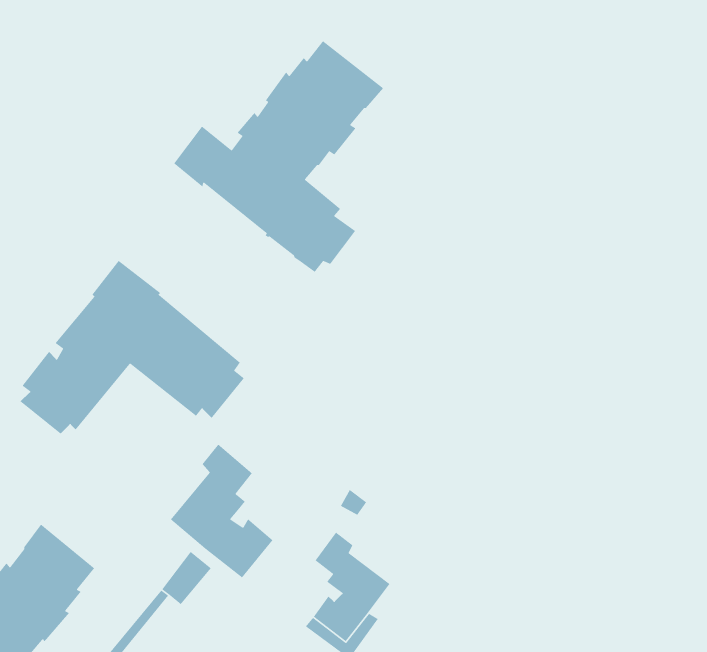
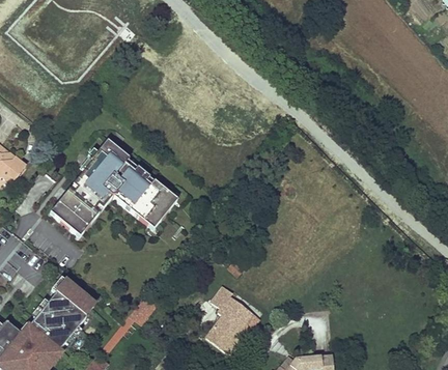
building: [173,40,384,273] -> none
building: [170,443,273,578] -> none

